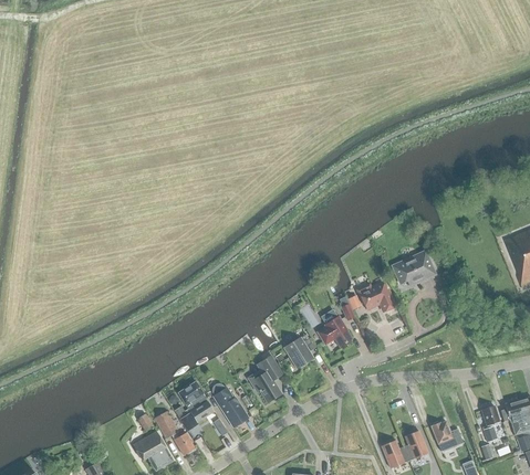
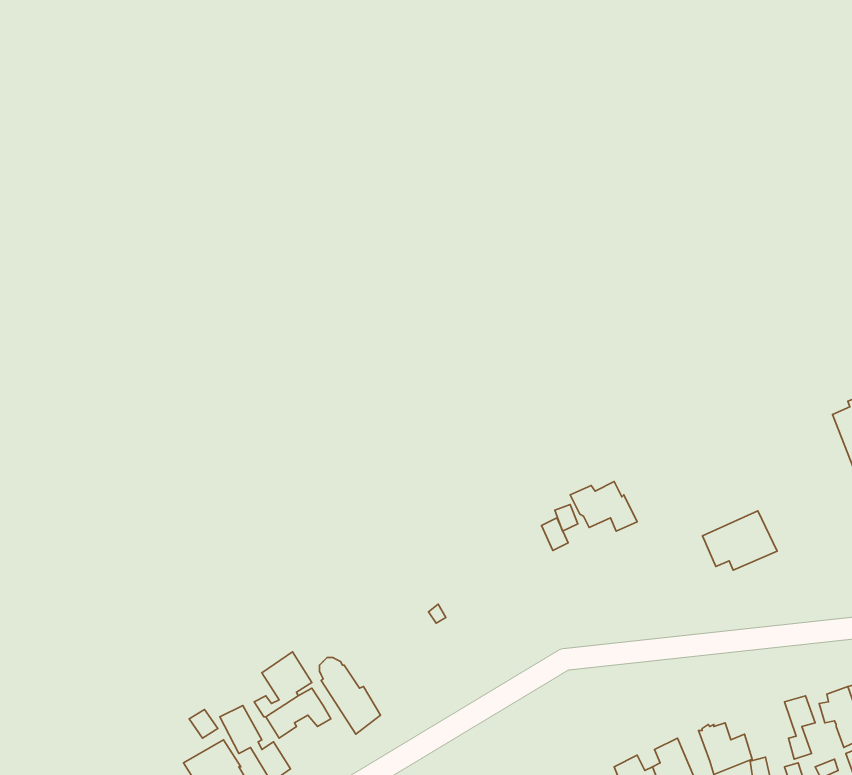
building: [393,251,436,285] -> [702,511,777,570]
building: [319,310,352,346] -> none
building: [285,334,315,368] -> none
building: [252,356,283,402] -> none

